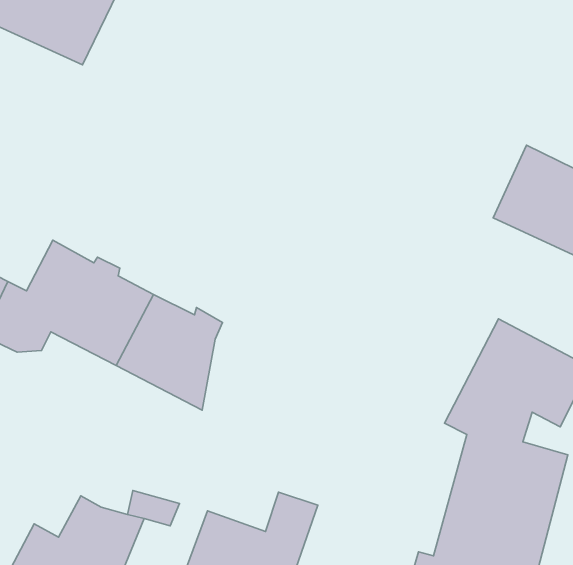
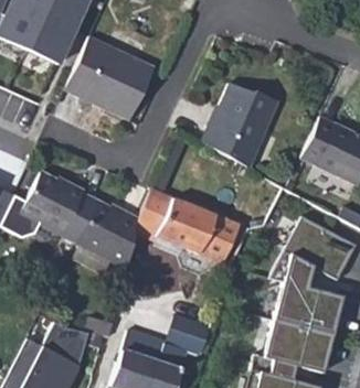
building: none -> [64,36,151,120]
building: none -> [198,83,278,166]
building: none -> [136,190,240,263]

